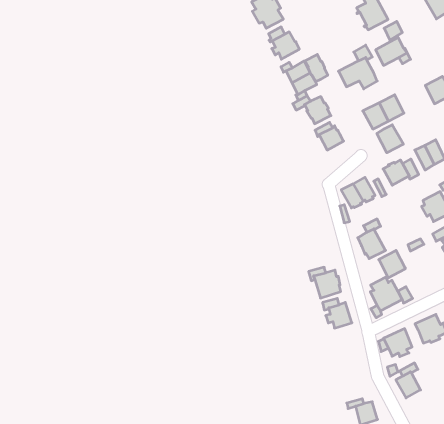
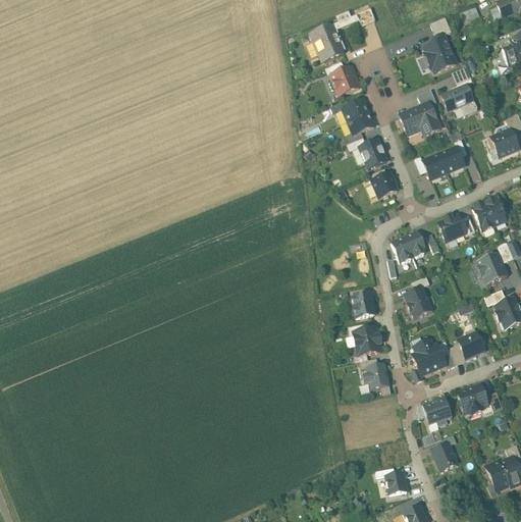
building: [305,54,328,82] -> none
building: [377,125,403,153] -> none
building: none -> [352,292,375,317]
building: [379,250,405,278] -> [457,330,484,359]

